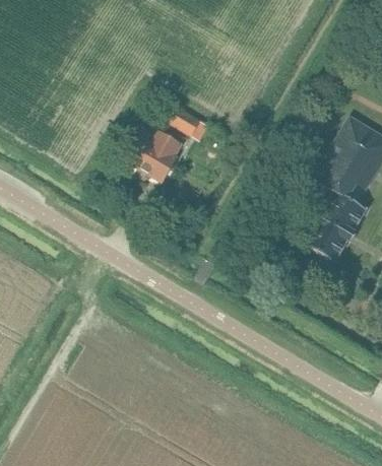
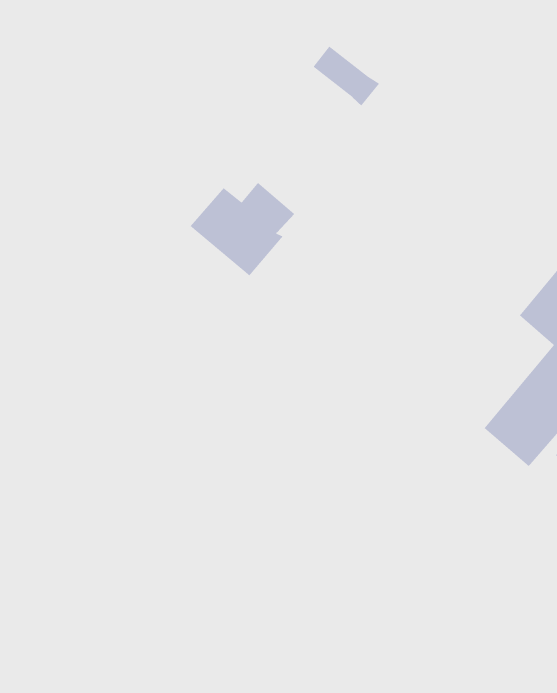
building: [171,110,209,140] -> [313,46,380,106]

